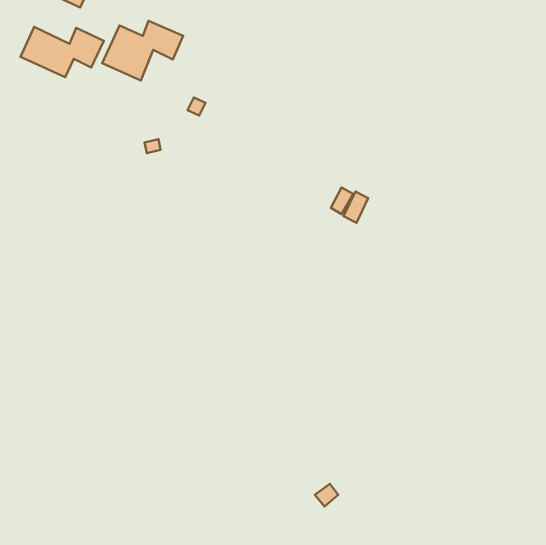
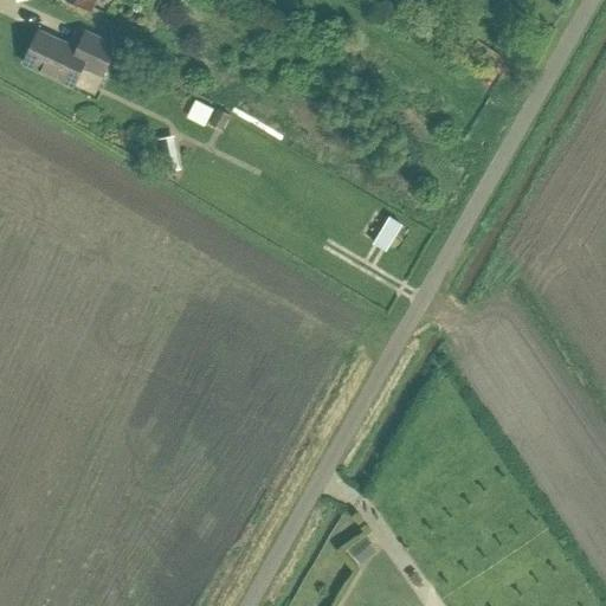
building: [102,21,183,80] -> none

